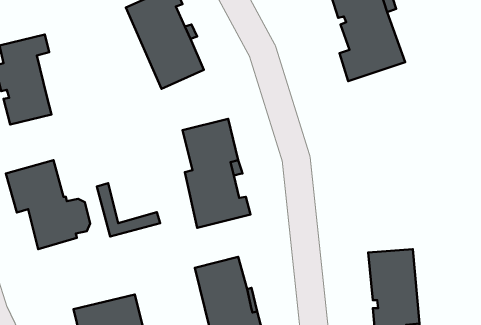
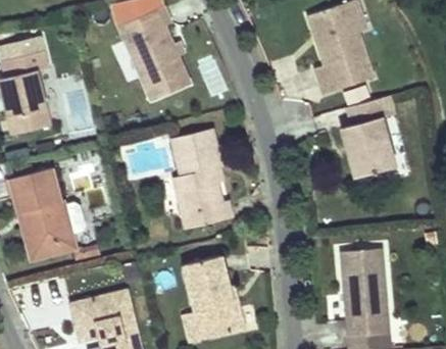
building: none -> [340,95,396,177]
building: [97,183,160,237] -> [18,211,77,260]

